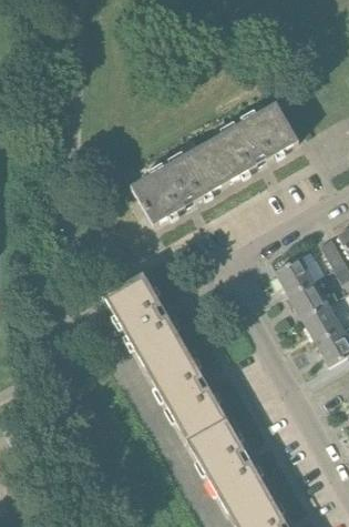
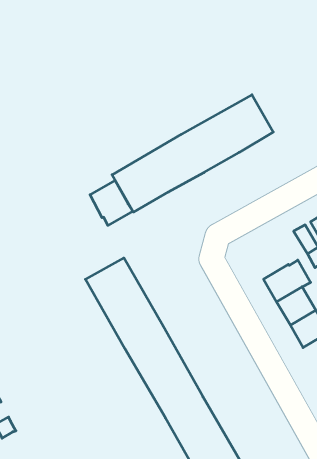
building: none -> [90,181,133,225]
building: [275,256,314,295] -> none

